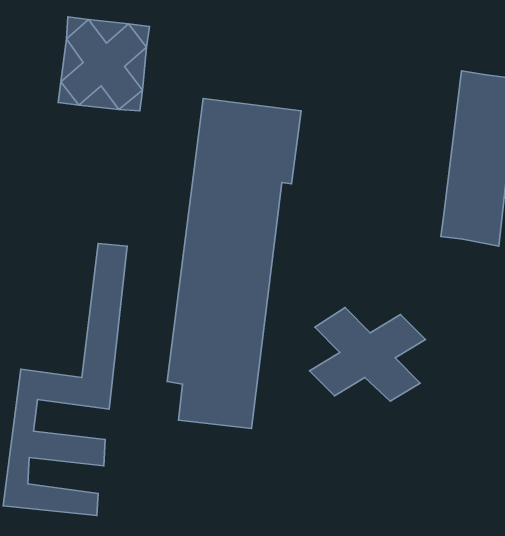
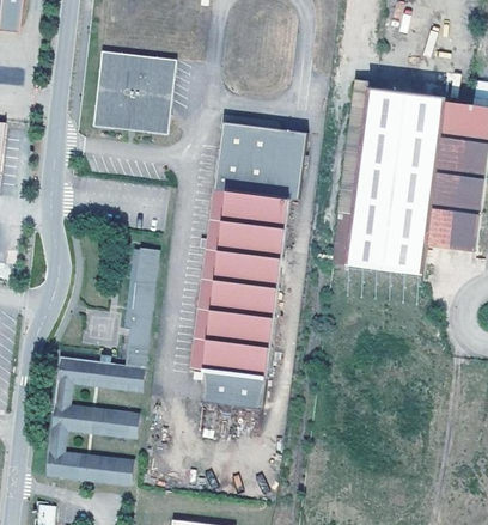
building: none -> [335,86,445,277]
building: [310,308,425,401] -> none

